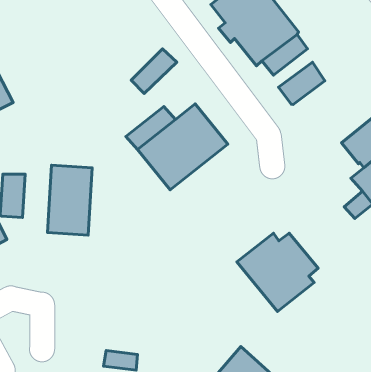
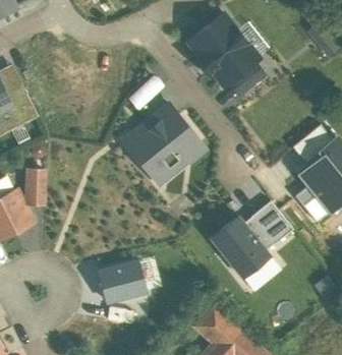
building: [279,62,325,105] -> none
building: [47,165,92,235] -> none
building: none -> [251,201,293,244]
building: none -> [98,261,146,301]

